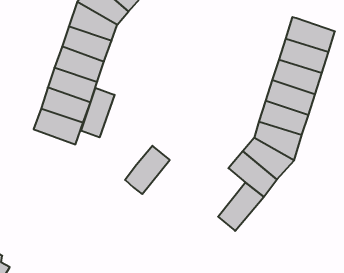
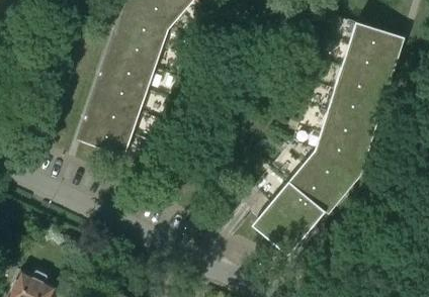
building: [81,88,115,137] -> none
building: [125,146,170,194] -> [257,183,305,234]

